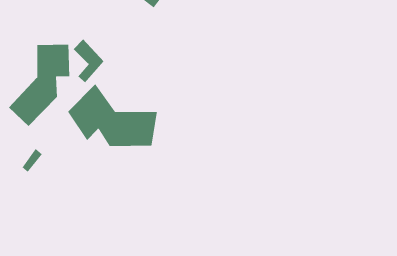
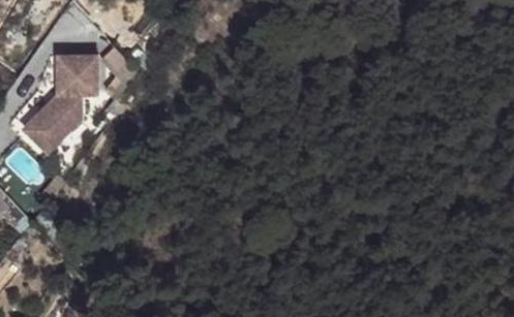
building: [67,83,158,147] -> none

